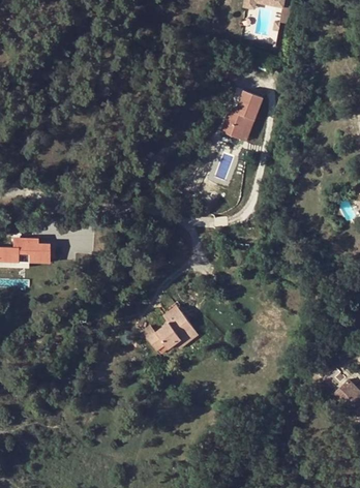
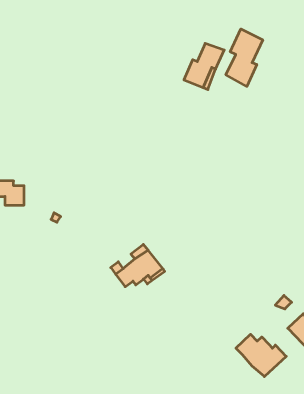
building: none -> [226,29,263,86]
building: none -> [236,334,286,377]

